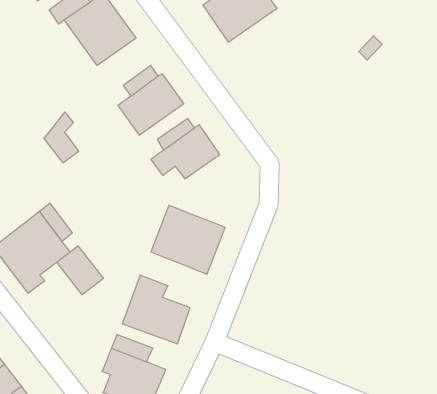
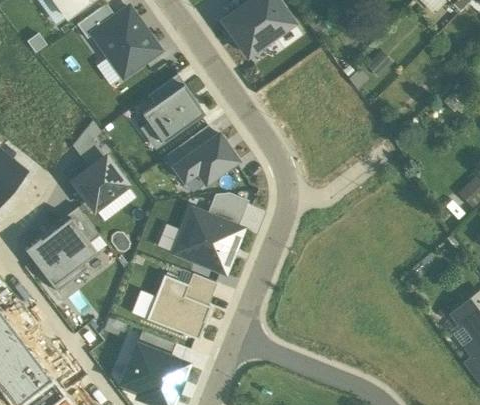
building: none -> [74,158,126,209]
building: none -> [207,194,248,228]
building: [57,246,103,295] -> none
building: none -> [184,275,216,305]

